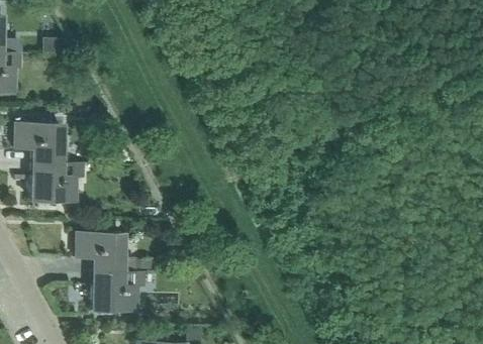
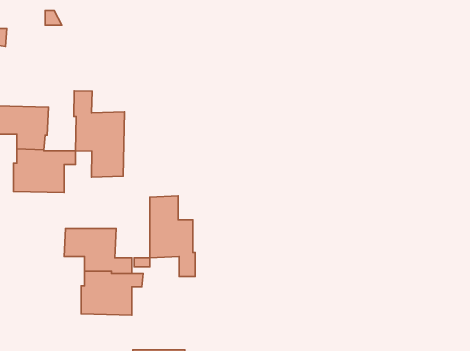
building: none -> [74,91,125,177]
building: none -> [150,196,195,277]

